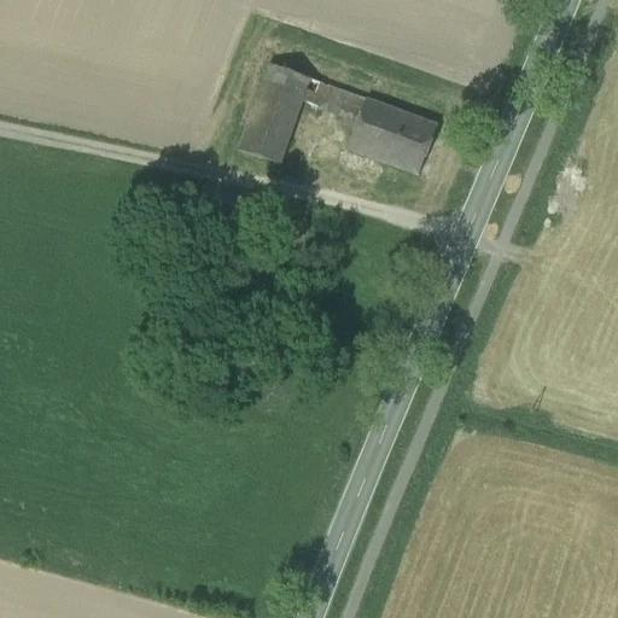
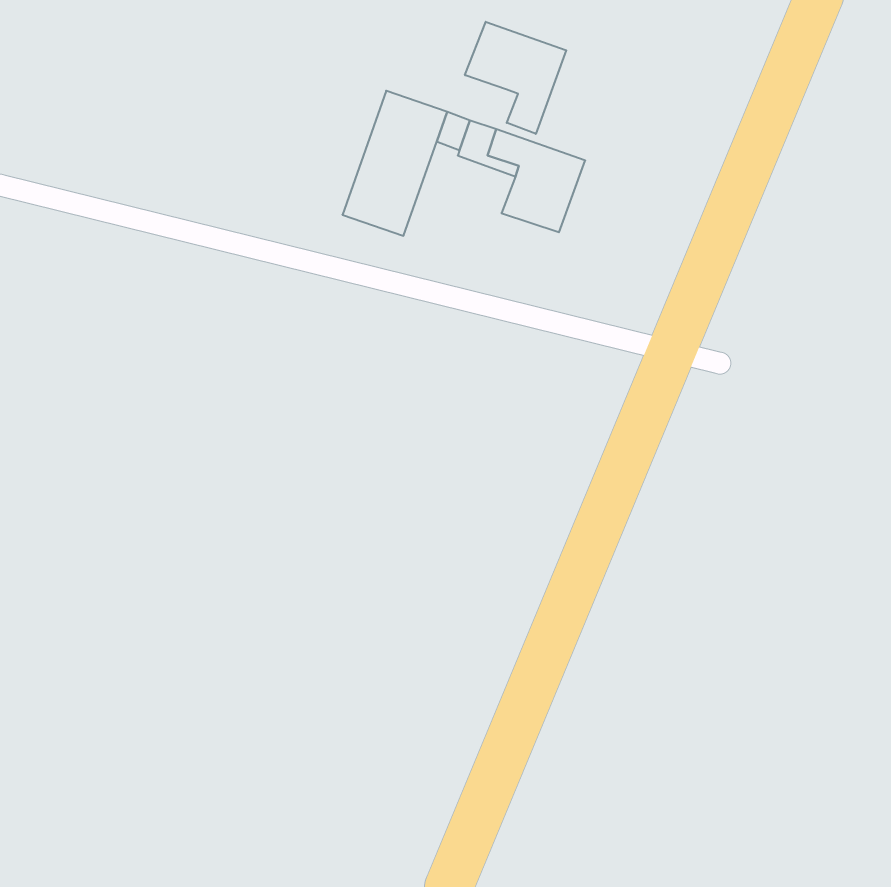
building: none -> [465,22,566,134]
building: [387,111,437,173] -> none

